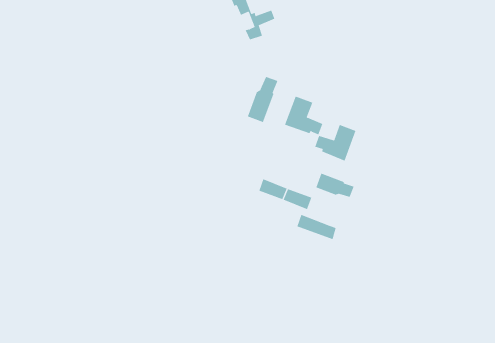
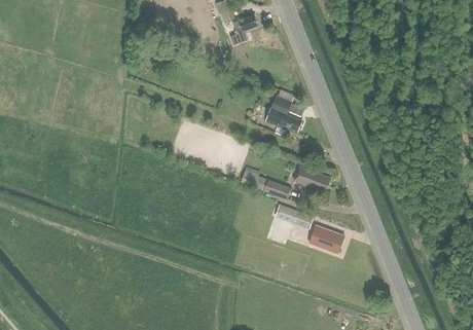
building: [247,76,278,123] -> none
building: [314,124,356,162] -> none
building: none -> [308,225,344,254]

